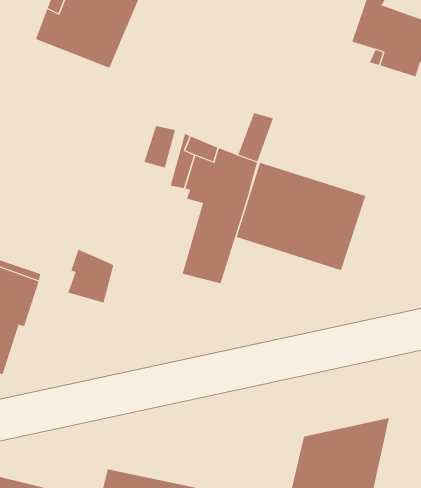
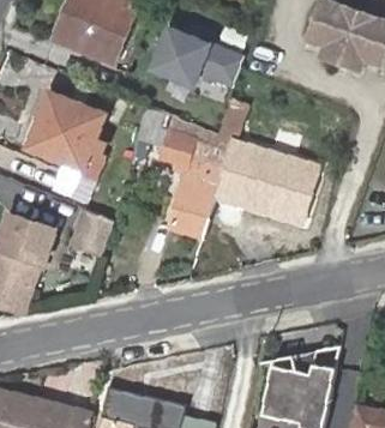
building: none -> [146,22,245,88]
building: none -> [26,91,106,170]

